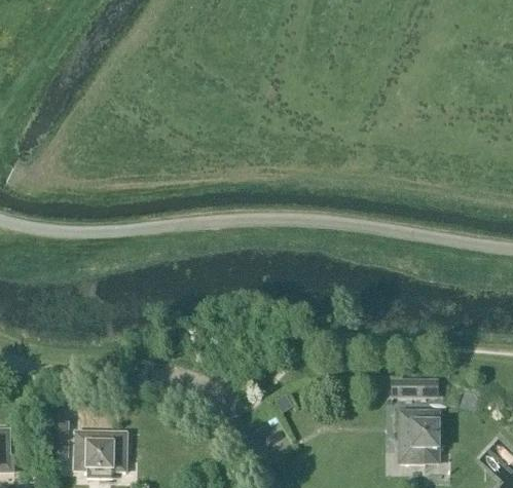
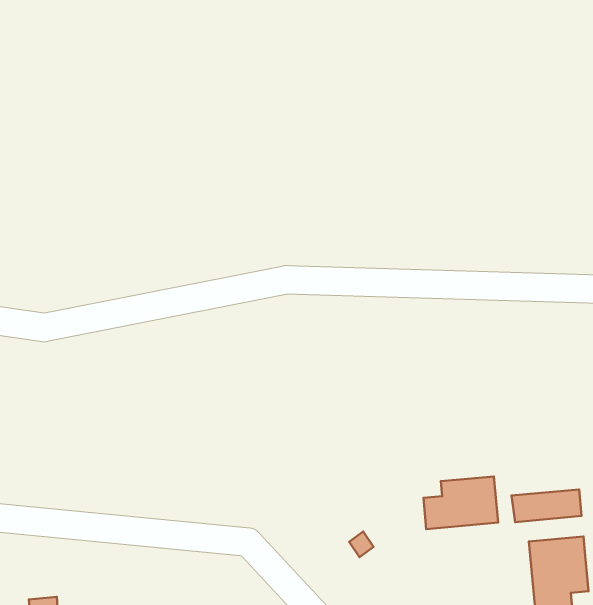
building: none -> [423,476,498,529]

